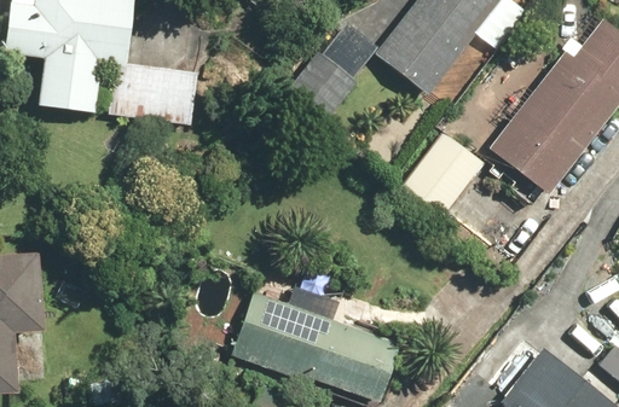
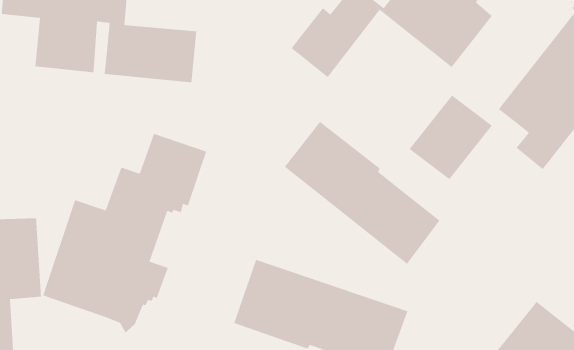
building: none -> [284,121,440,265]
building: none -> [42,133,207,334]

